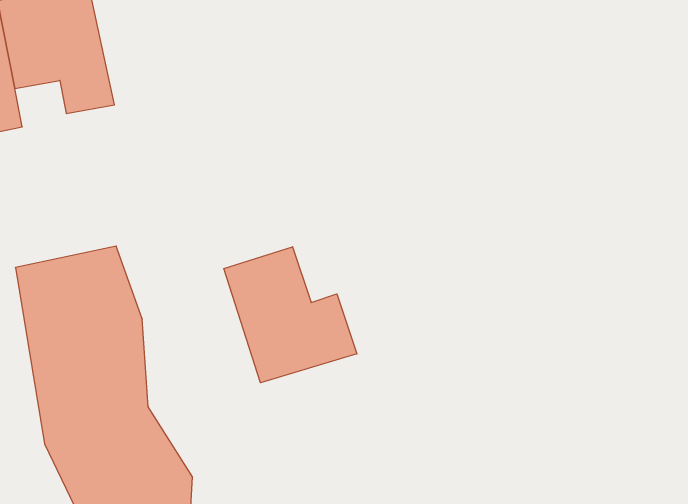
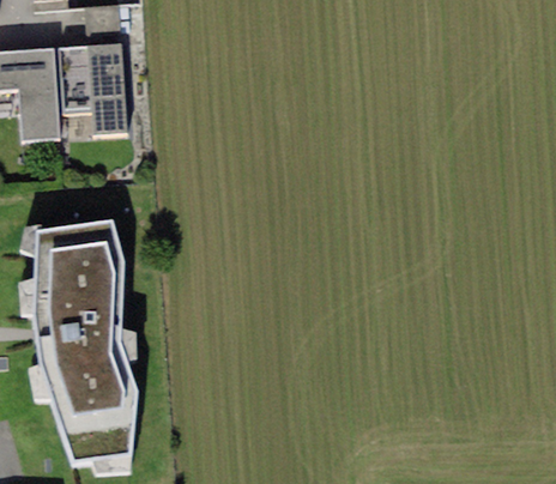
building: [224,247,357,383] -> none

